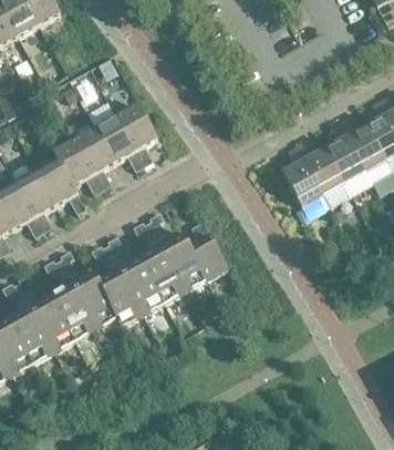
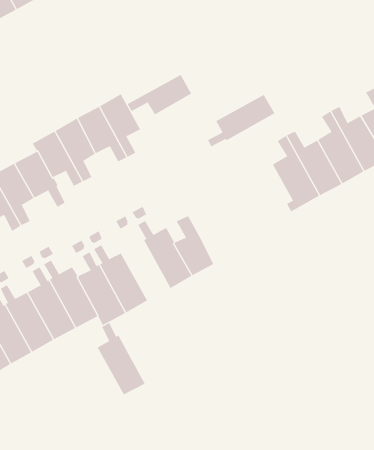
building: none -> [127,74,192,115]
building: none -> [207,94,275,147]
building: [138,231,185,300] -> [97,322,146,395]

